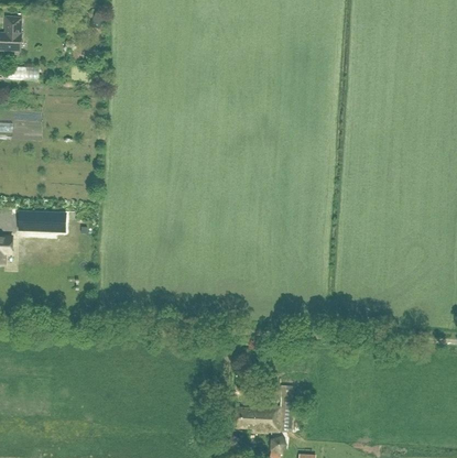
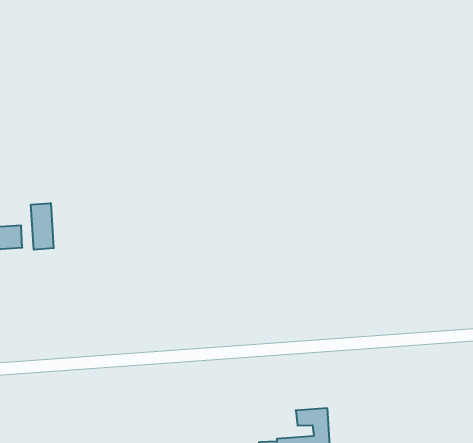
building: none -> [31,203,54,250]

